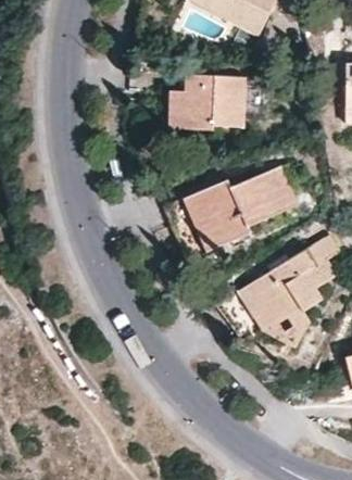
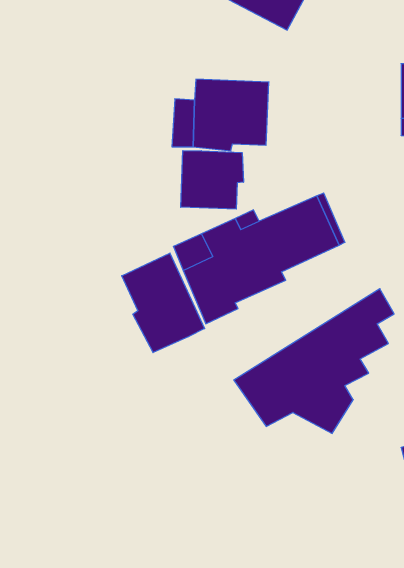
building: none -> [181,151,243,209]
building: none -> [122,253,205,353]

